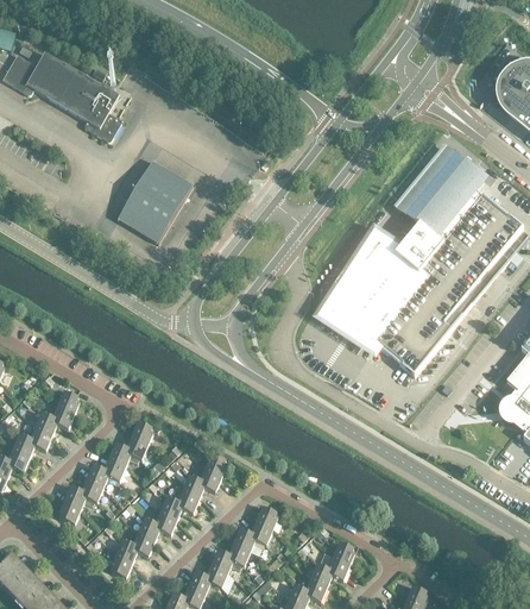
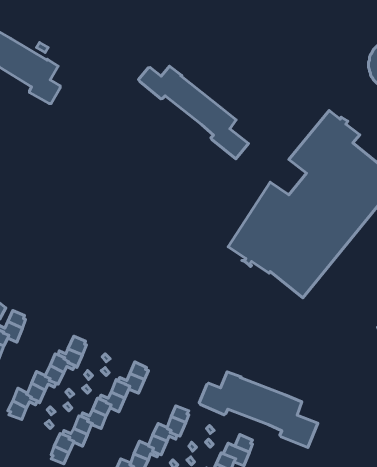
building: none -> [139,66,248,159]
building: [118,159,193,241] -> none
building: none -> [199,372,318,447]

